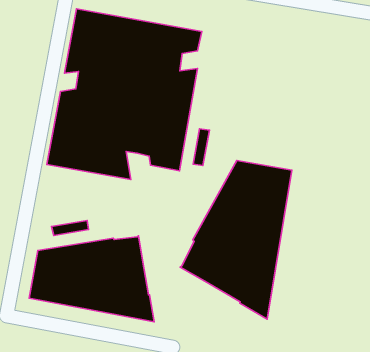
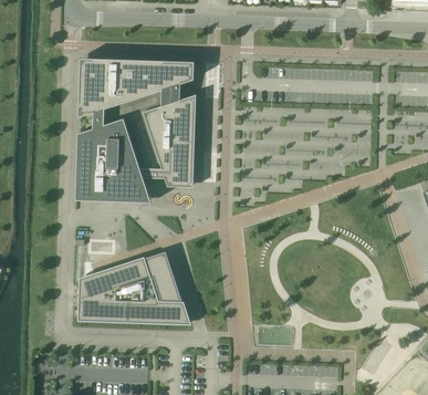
building: [180,160,292,319] -> none

